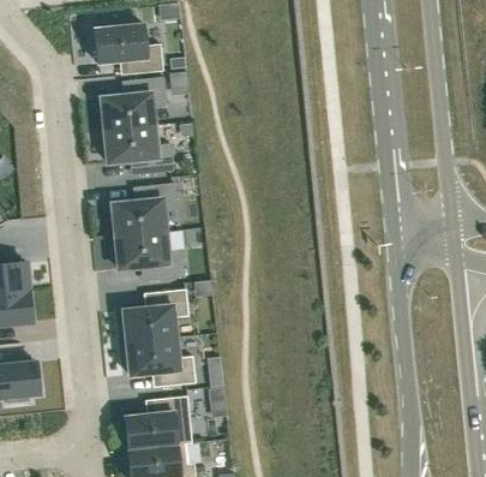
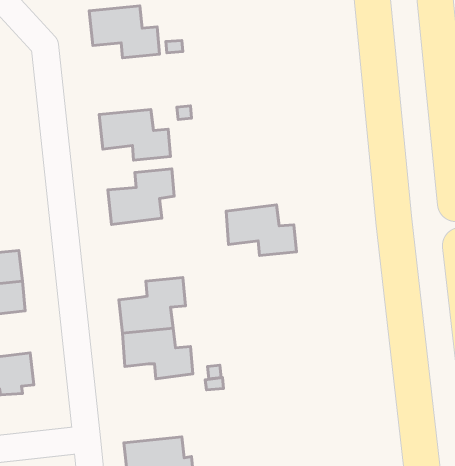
building: [101,76,166,129] -> none
building: [115,229,184,279] -> [226,205,296,256]
building: [124,394,191,448] -> none

